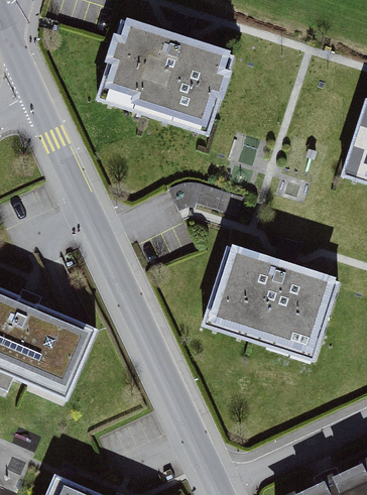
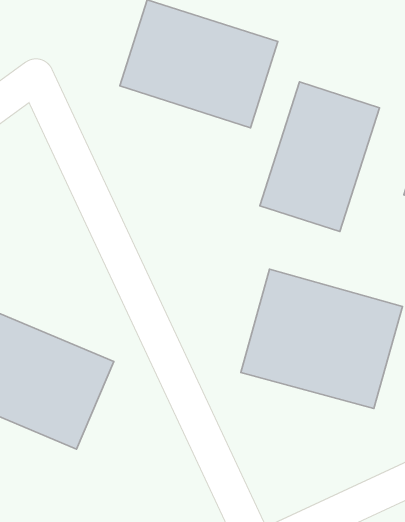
building: none -> [260,82,379,231]

